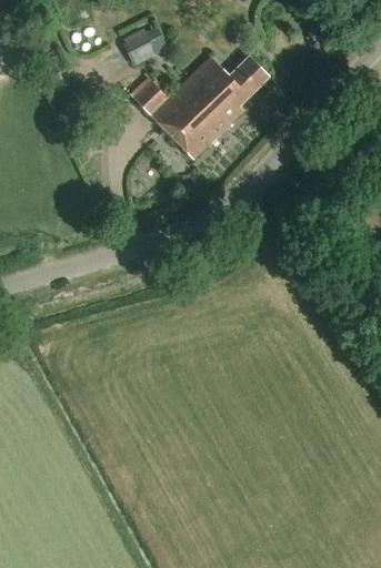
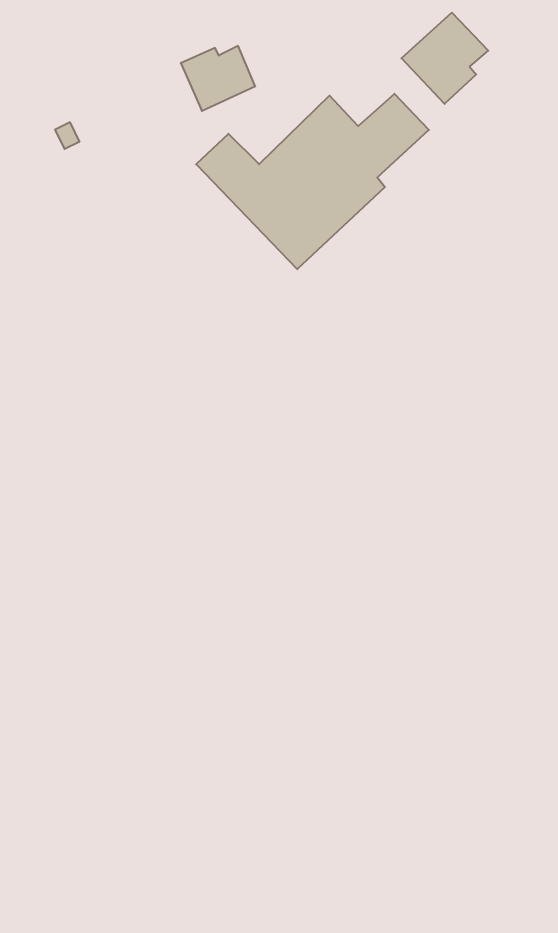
building: none -> [401,13,488,104]

